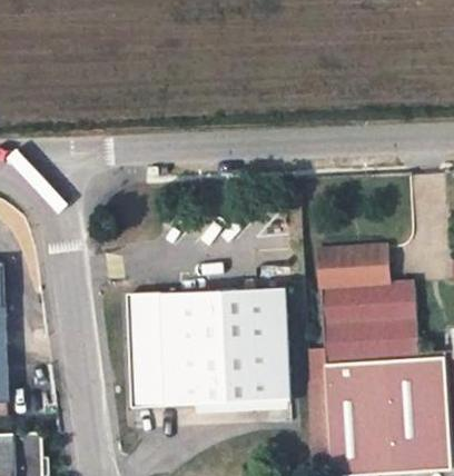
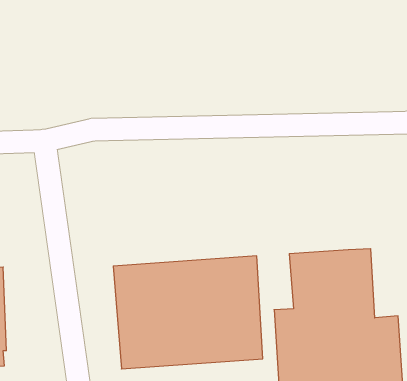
building: [317,244,384,287] -> none

